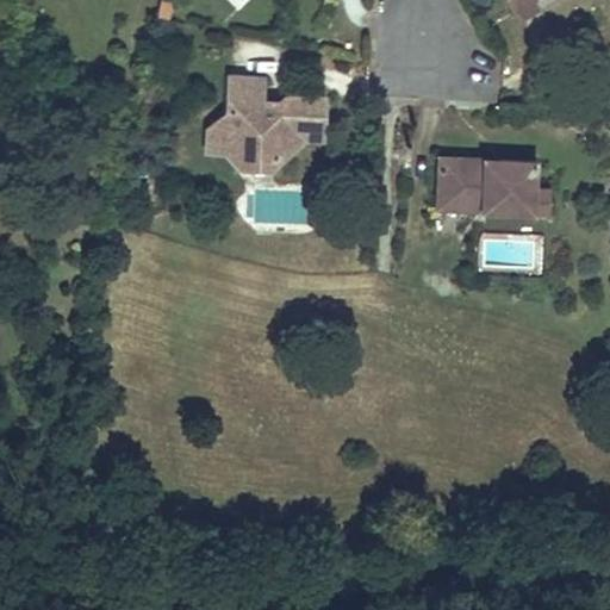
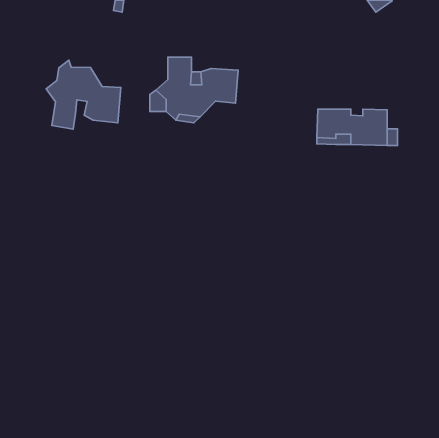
building: none -> [46,60,121,129]

